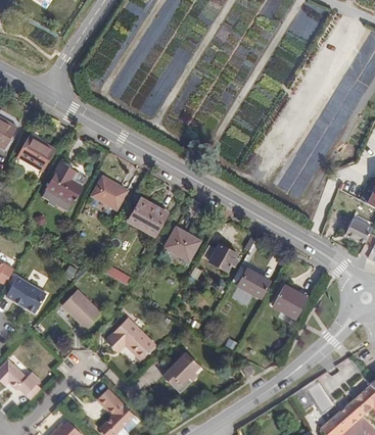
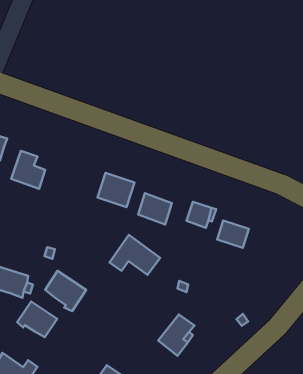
building: [91,180,125,211] -> none
building: [269,283,303,317] -> none
building: none -> [17,301,57,337]
building: [103,317,153,358] -> [110,235,160,275]

